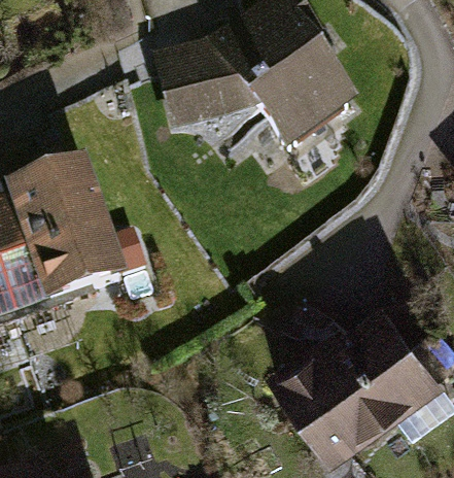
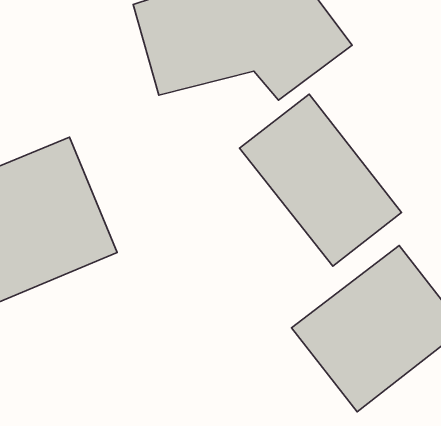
building: none -> [239,94,401,266]

